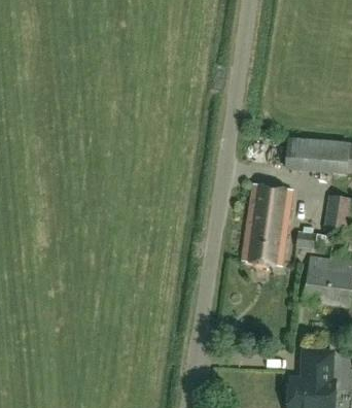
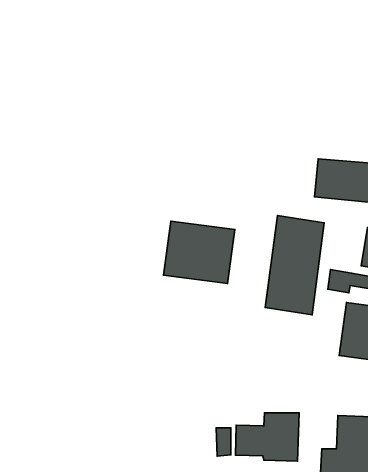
building: none -> [164,221,235,284]
building: none -> [235,413,299,461]

